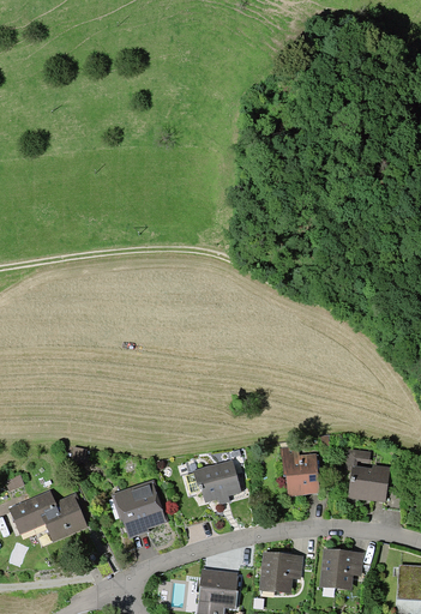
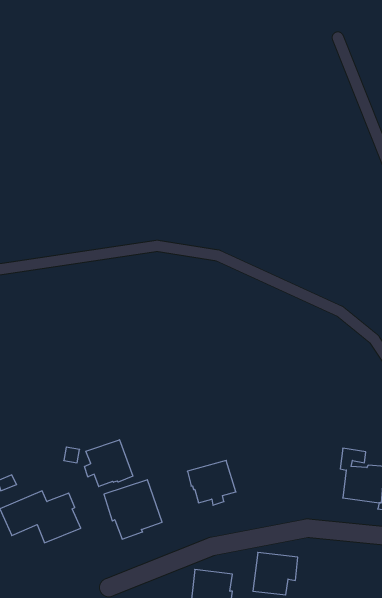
building: none -> [85,440,133,487]
building: [279,446,319,496] -> none
building: [319,548,363,590] -> none

